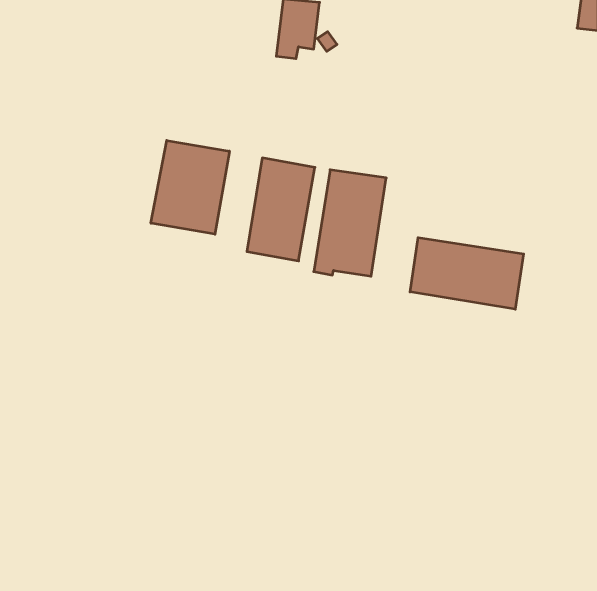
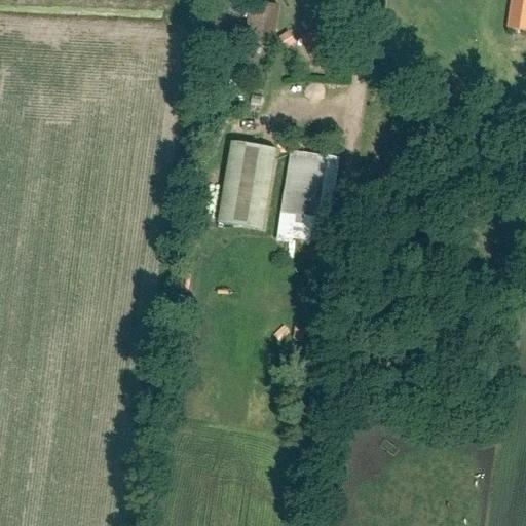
building: [151,140,229,234] -> none
building: [410,238,524,309] -> none

